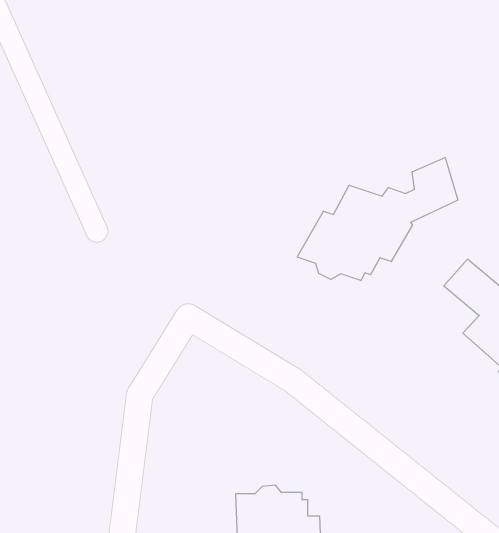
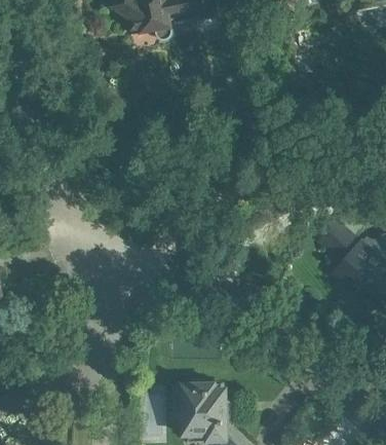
building: [297,157,458,281] -> none

